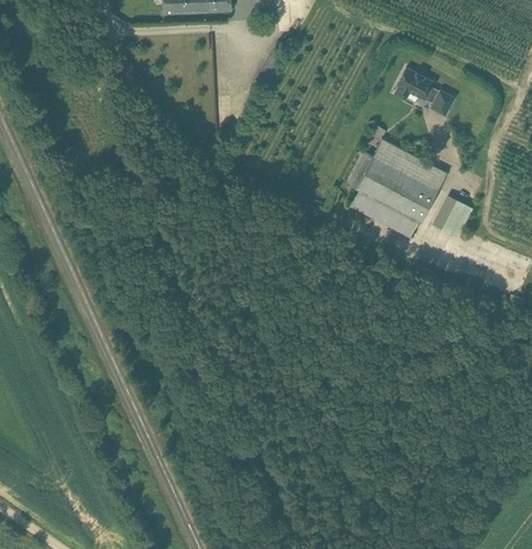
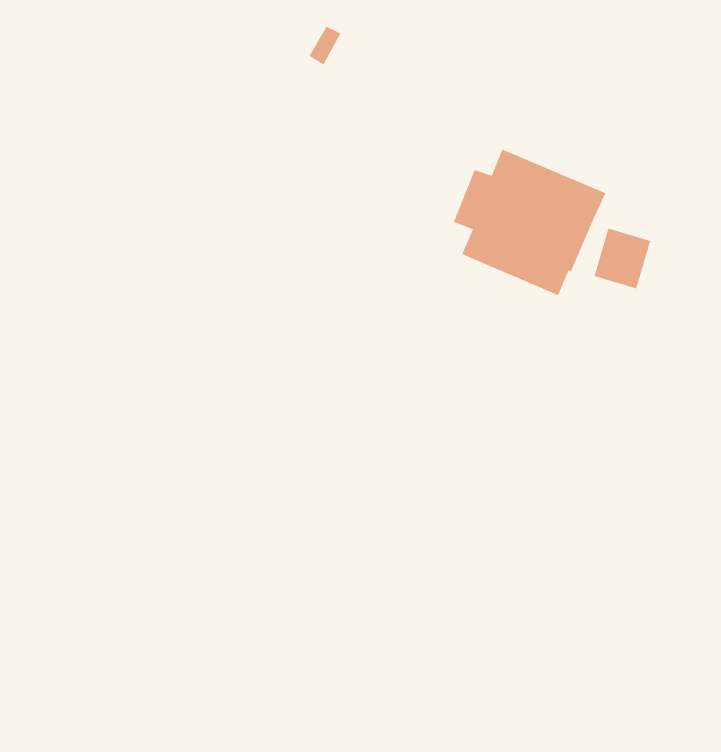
building: [395,68,455,115] -> none

